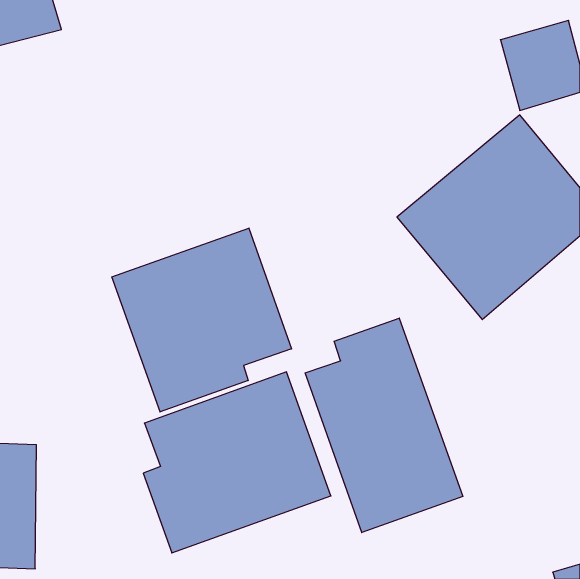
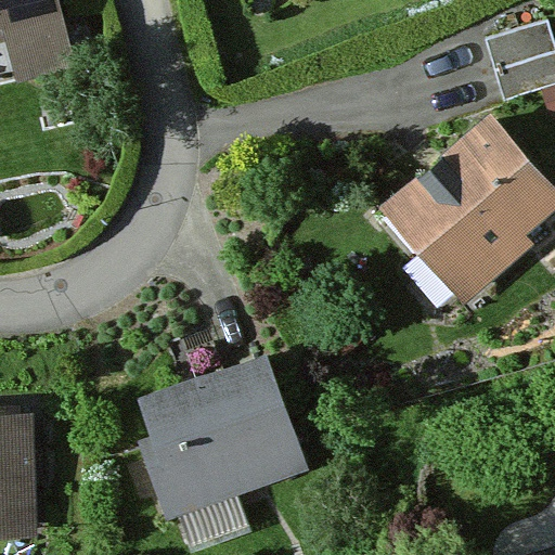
building: [112,228,292,412] -> none
building: [305,318,463,533] -> none

